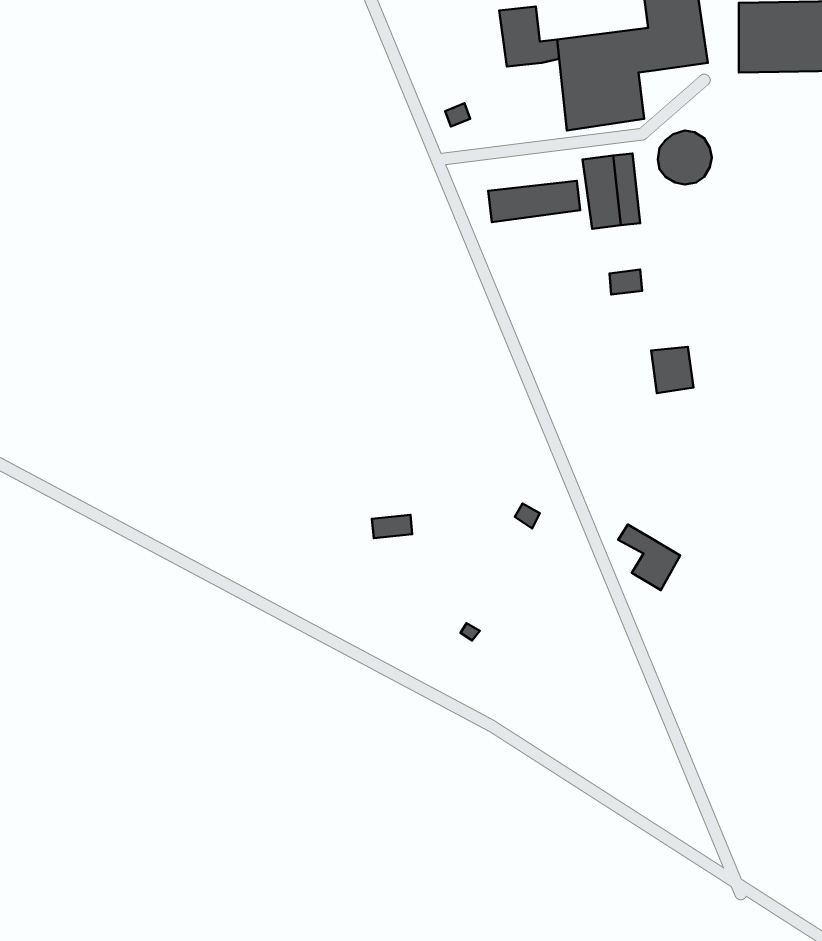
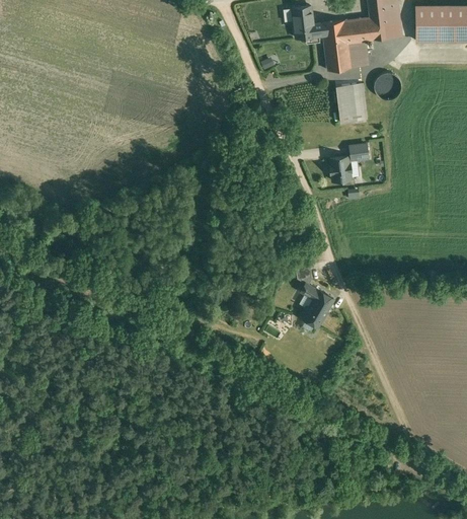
building: [488,181,580,222] -> none
building: [651,347,694,393] -> [328,158,351,182]
building: [618,525,680,590] -> [301,285,333,319]

